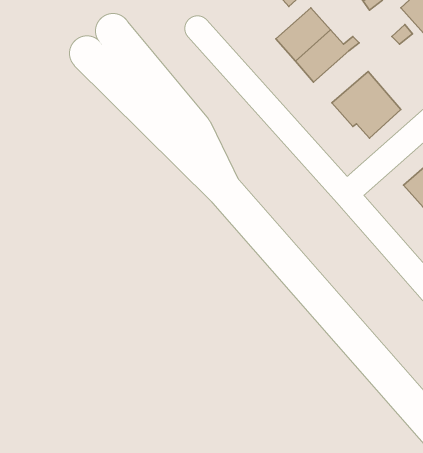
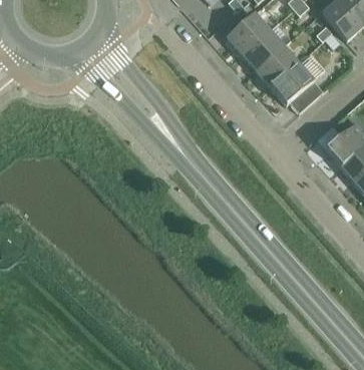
building: none -> [256,46,298,86]

